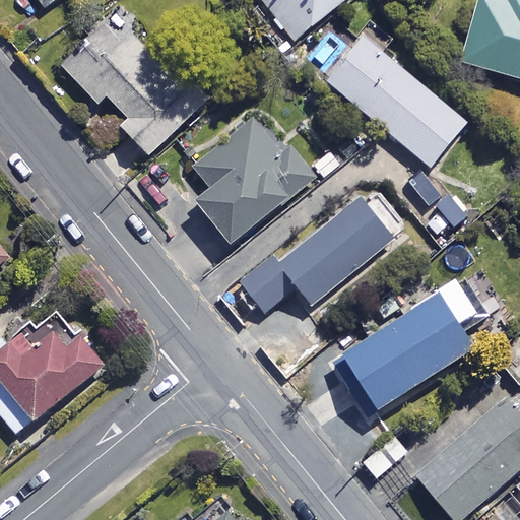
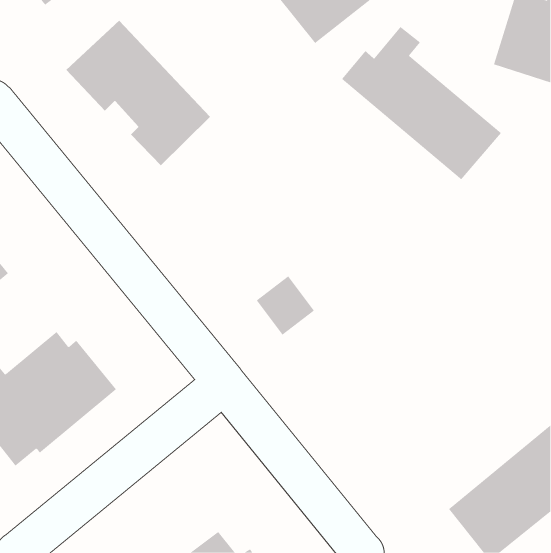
building: [192,115,316,246] -> none
building: [276,195,393,304] -> none
building: [333,284,479,419] -> none

